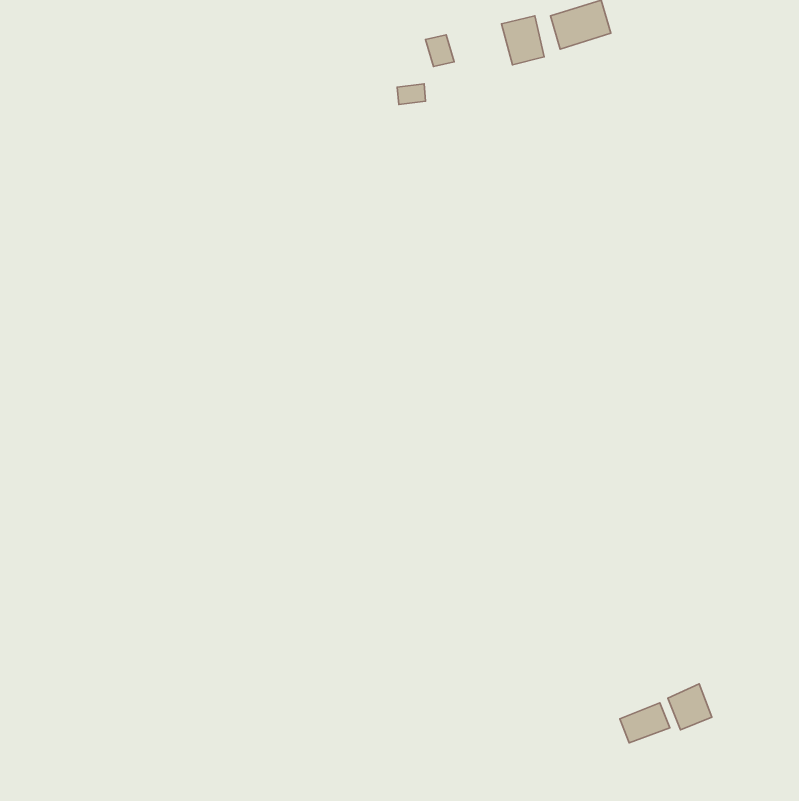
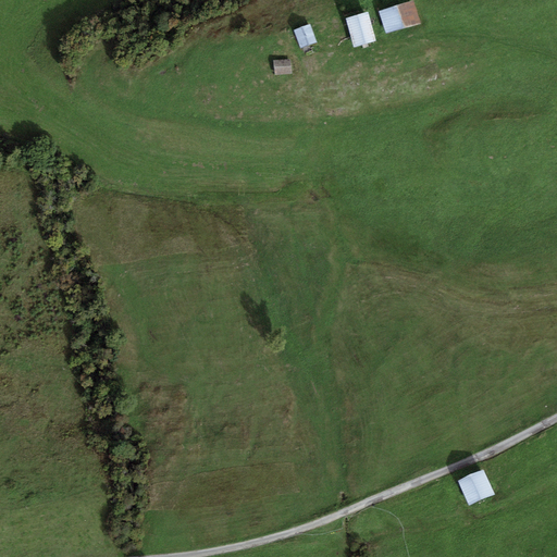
building: [620,703,670,743] -> none

